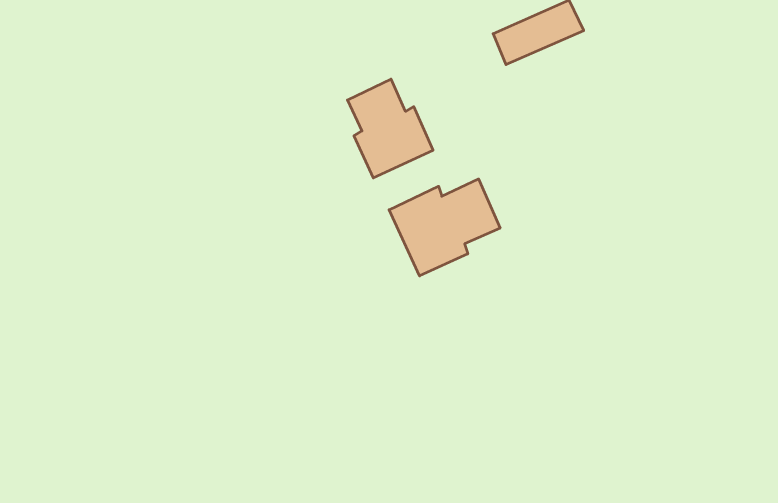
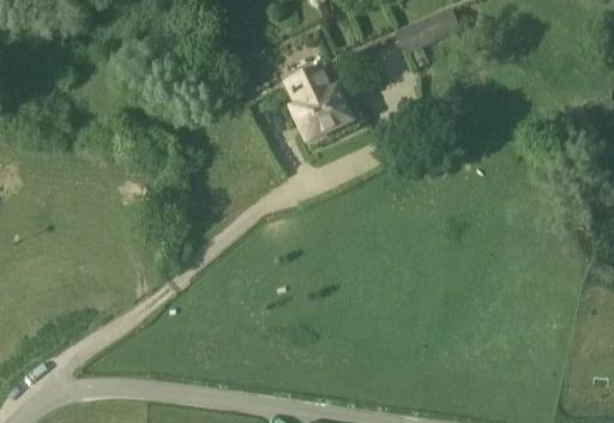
building: [389,179,500,276] -> none

